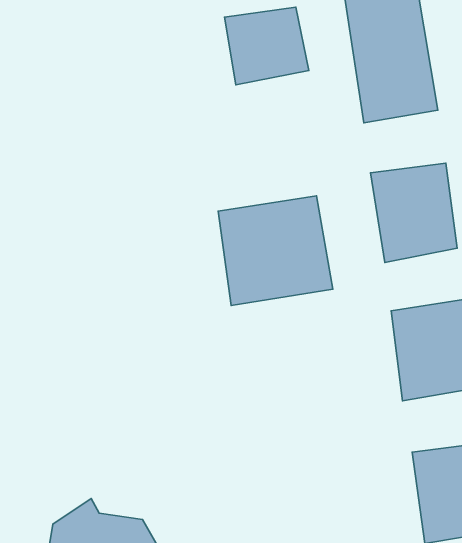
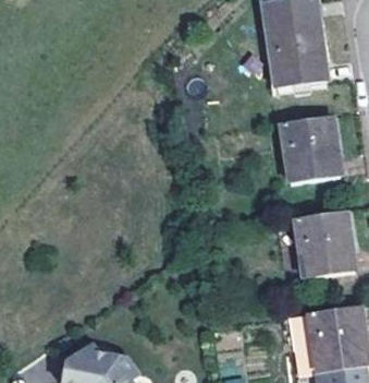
building: [225,7,309,85] -> none
building: [218,196,333,306] -> none

